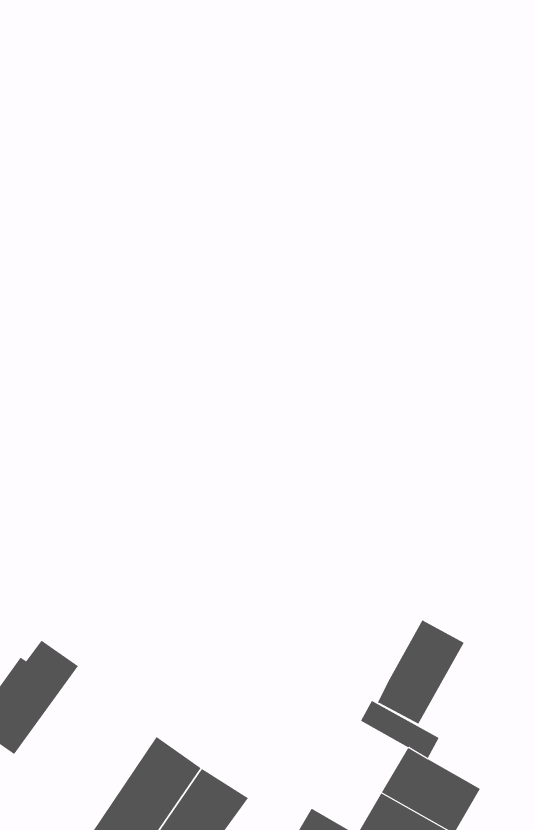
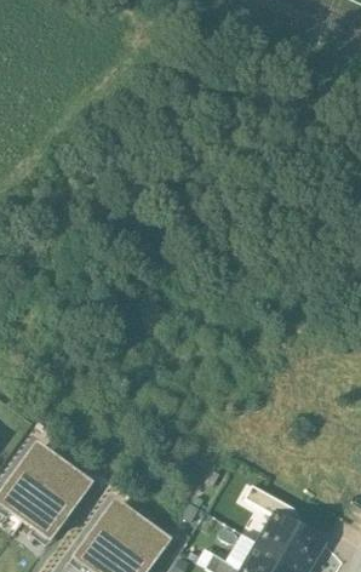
building: [377,619,465,724] -> none
building: none -> [23,462,87,539]

